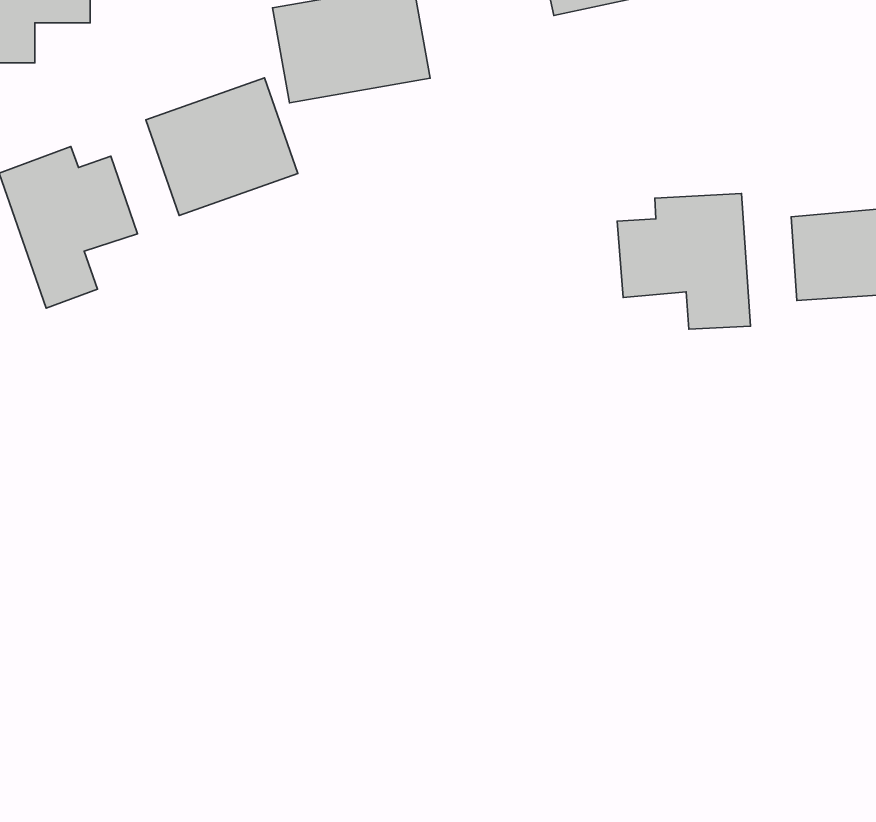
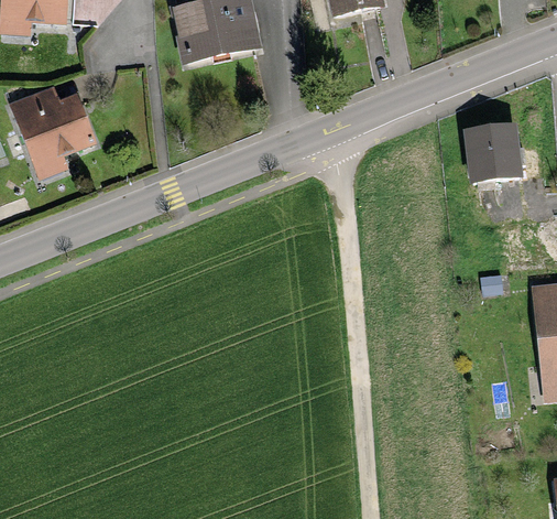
building: [146,78,298,215] -> none
building: [617,193,750,329] -> none

